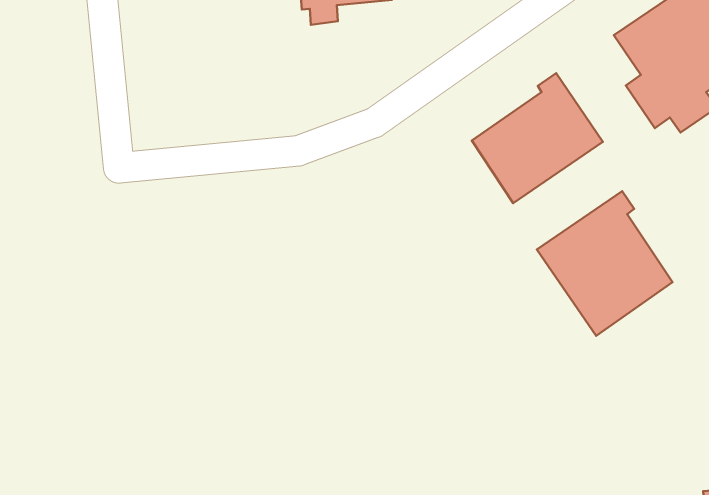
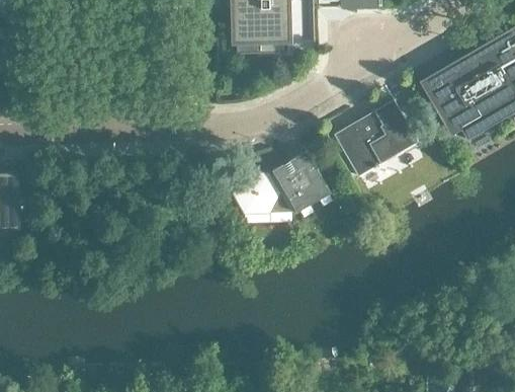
building: none -> [233,151,331,214]
building: [537,191,673,336] -> none

